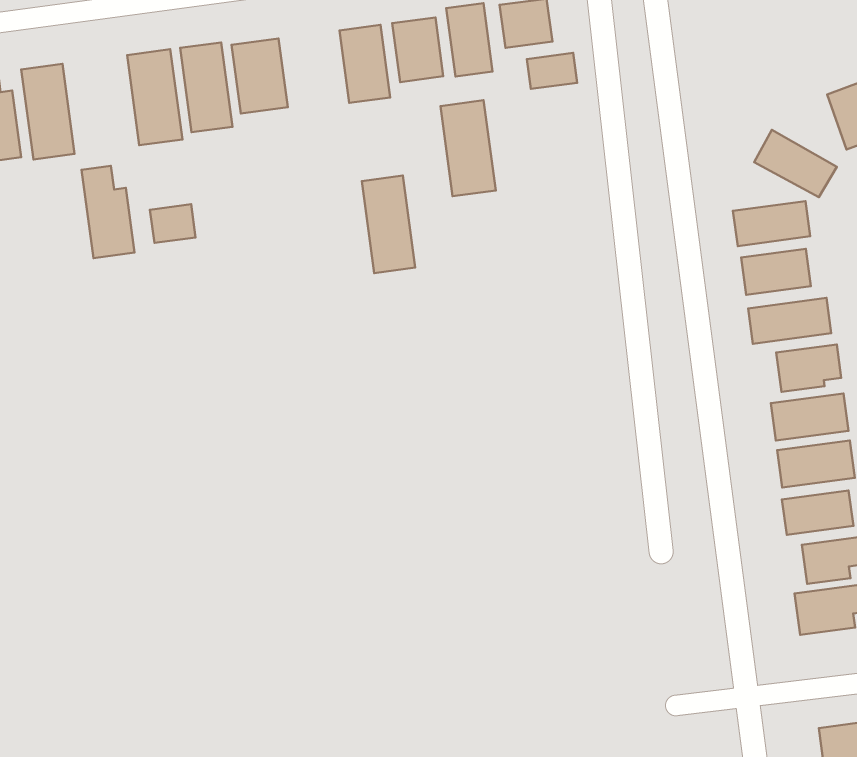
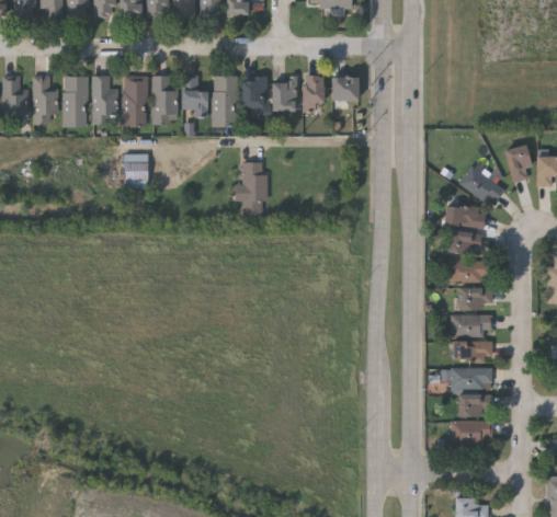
building: [527,53,577,89] -> none
building: [440,100,496,196] -> [212,76,236,126]
building: [82,166,135,258] -> [93,74,116,124]

